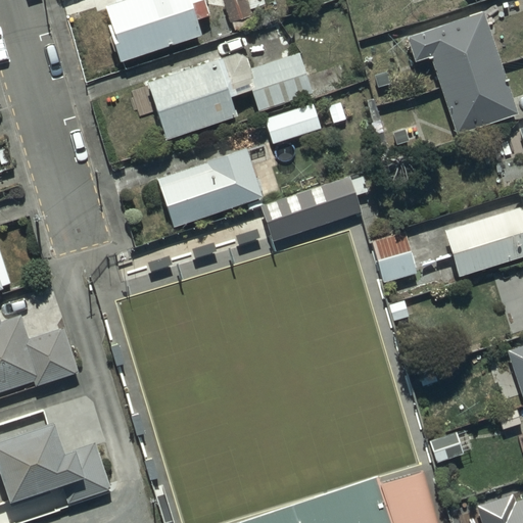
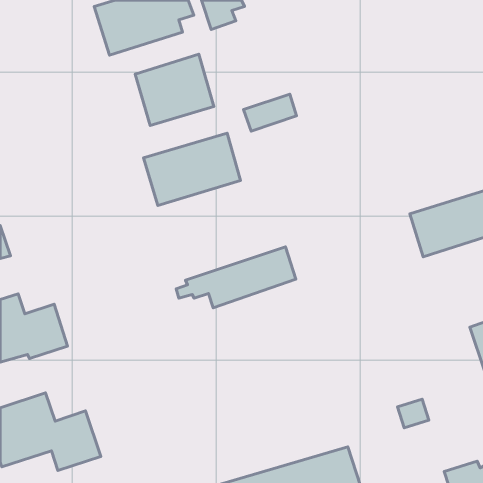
building: [407,10,518,133] -> none
building: [248,54,313,113] -> none
building: [233,175,362,240] -> [176,247,296,308]
building: [373,233,418,286] -> none

